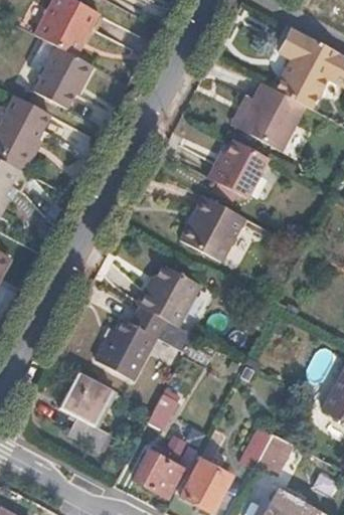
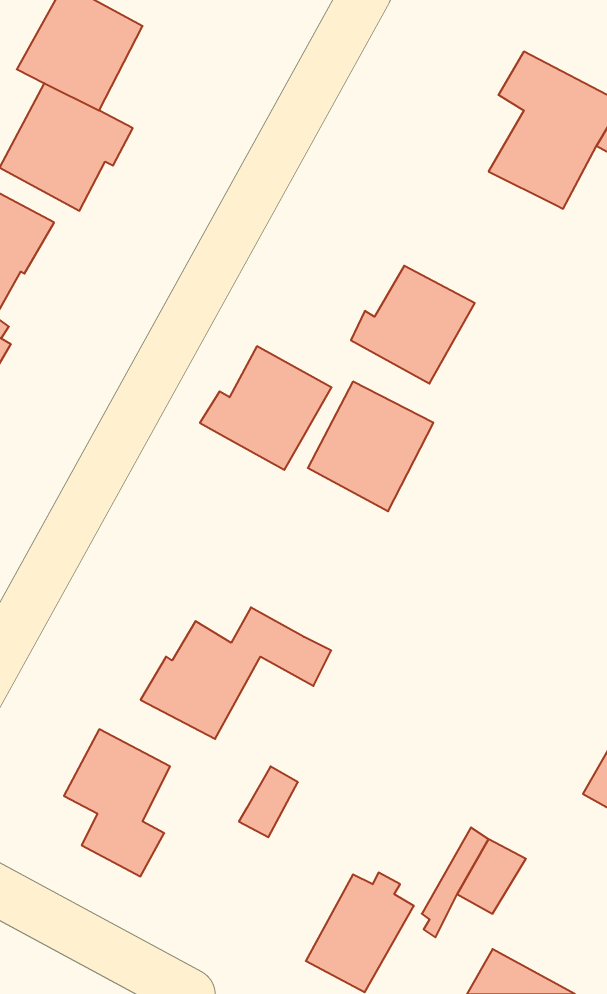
building: [237,81,308,151] -> none
building: [136,264,203,327] -> [200,346,332,470]
building: [134,442,197,495] -> none

